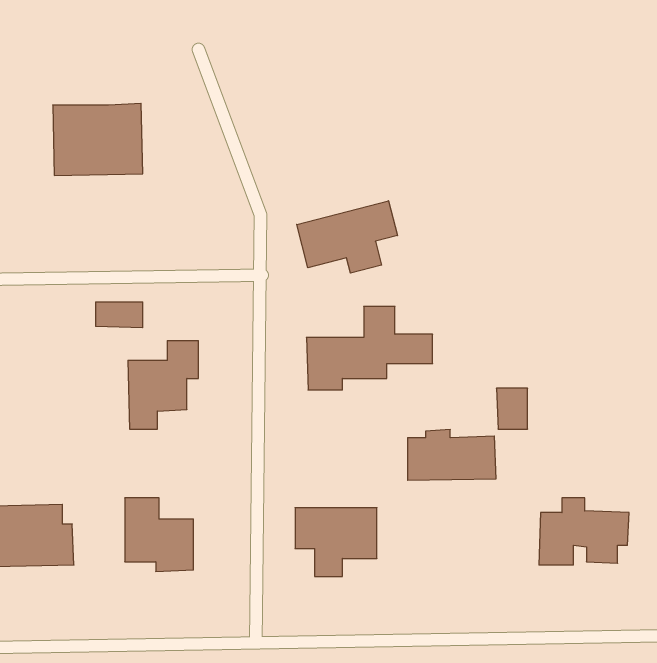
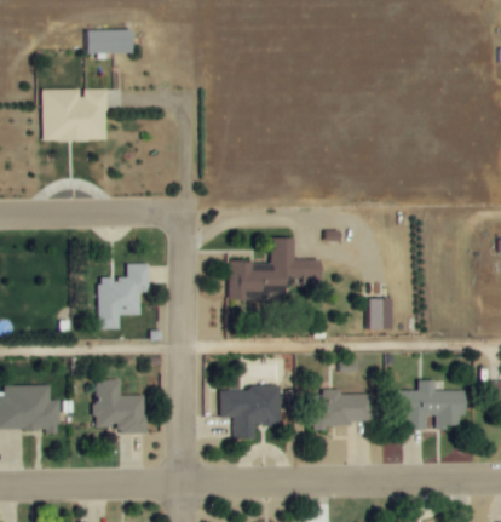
building: none -> [88,28,134,52]
building: [297,201,397,273] -> none
building: [96,302,143,328] -> none
building: [408,430,496,480] -> [309,388,374,425]

